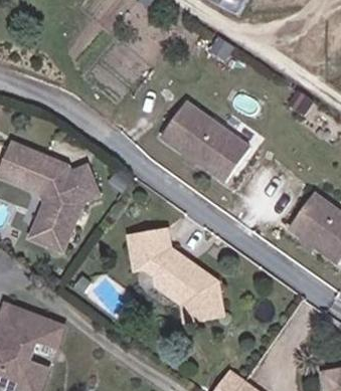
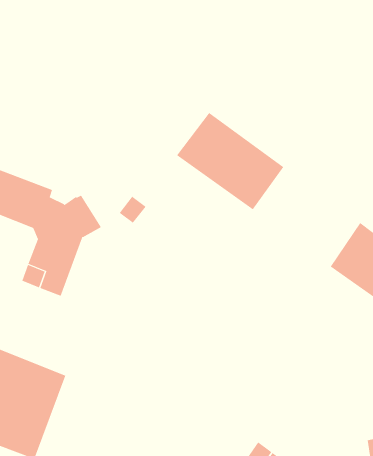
building: [129,232,221,324] -> none

